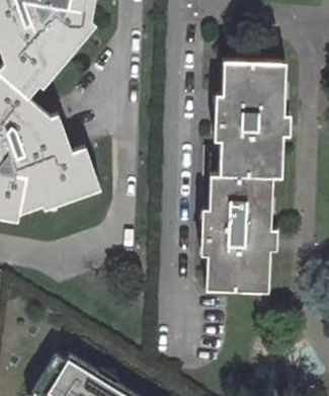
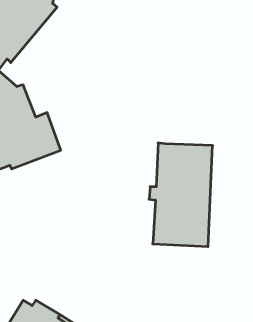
building: [214,66,286,182] -> none

